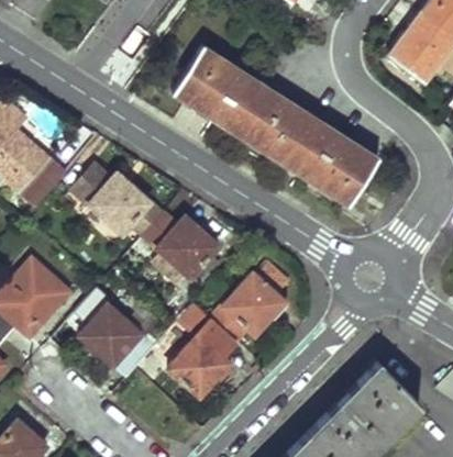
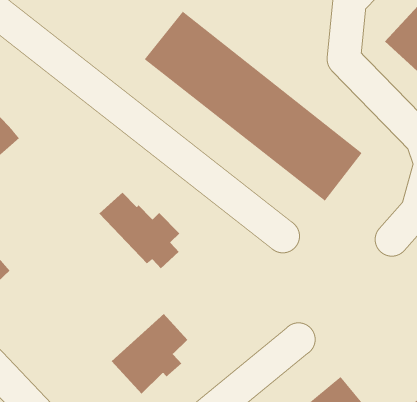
building: [75,165,152,233] -> none
building: [211,272,284,343] -> none
building: [79,304,154,377] -> none

